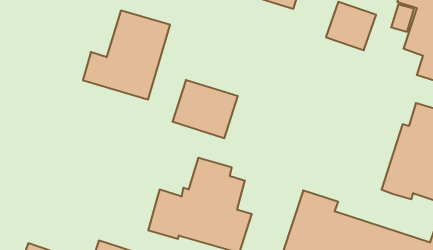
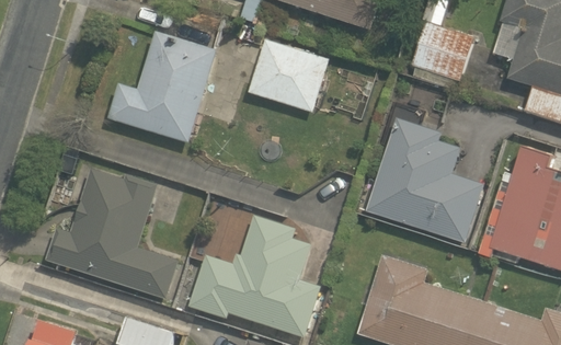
building: [172,80,238,138] -> [248,39,329,112]
building: none -> [367,118,484,241]
building: none -> [51,171,172,292]

